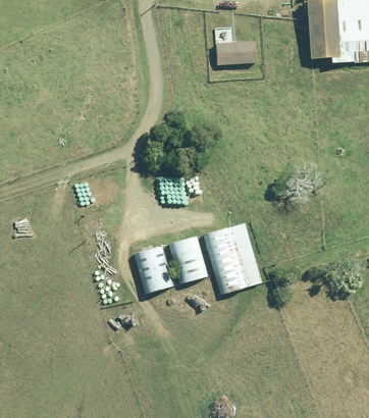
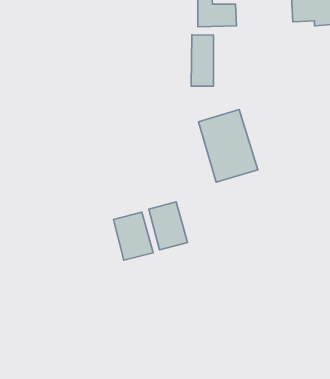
building: none -> [191,35,213,86]
building: [204,222,262,294] -> [198,109,258,182]

